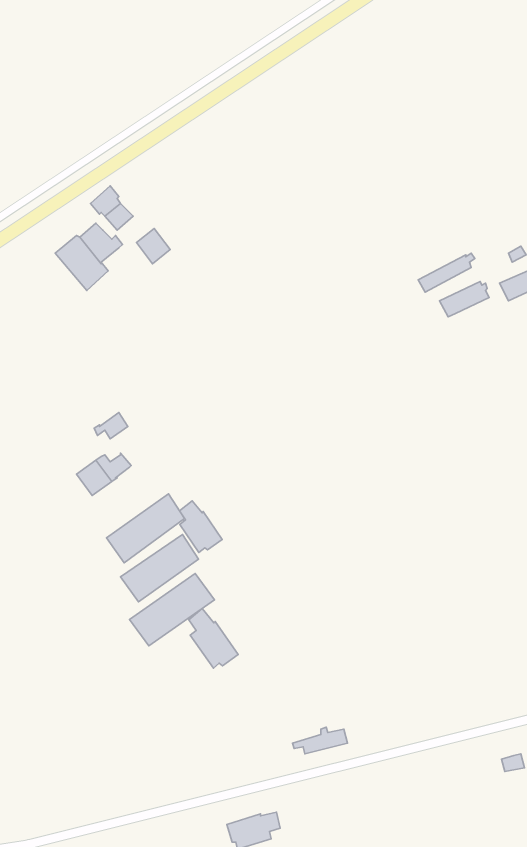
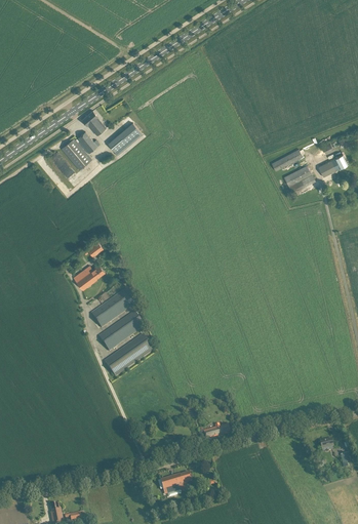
building: [180,501,222,552] -> none
building: [189,609,238,668] -> none

